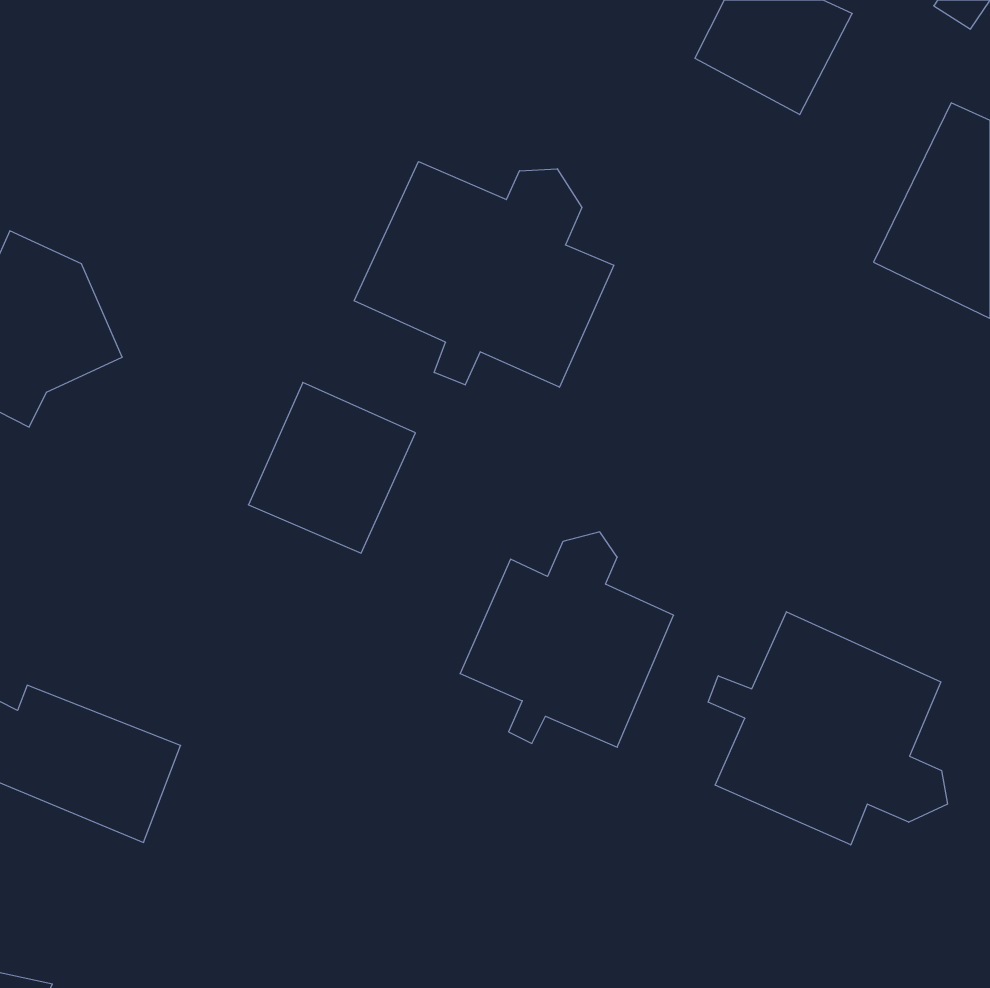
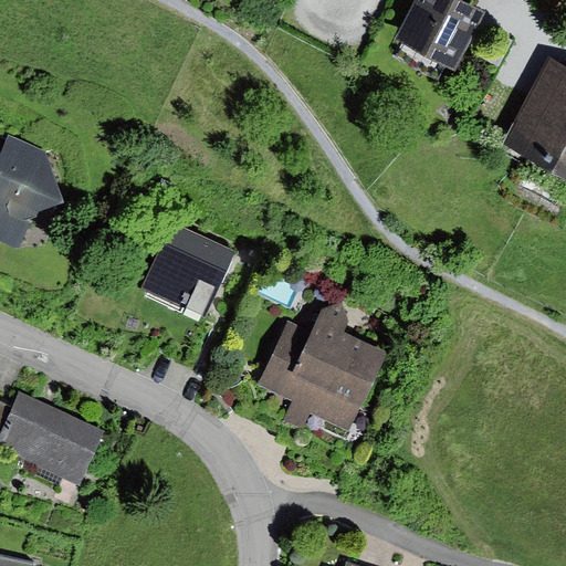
building: [354,162,614,387] -> none
building: [708,612,947,845] -> none

